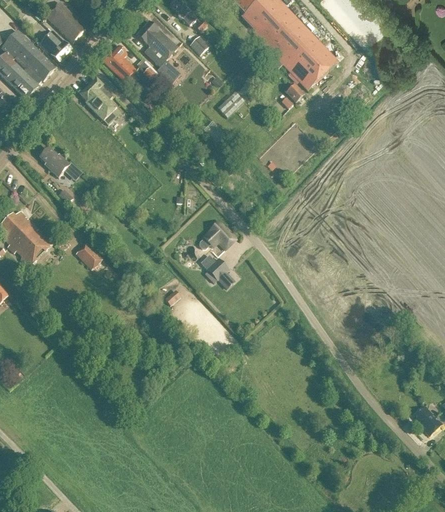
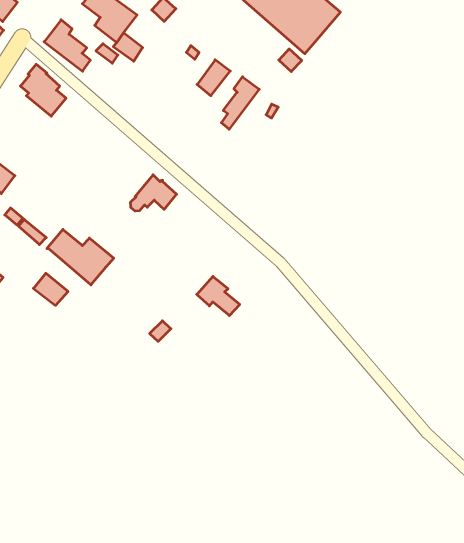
building: none -> [221,77,259,129]
building: none -> [47,229,114,285]
building: [198,220,235,248] -> [130,175,177,211]

